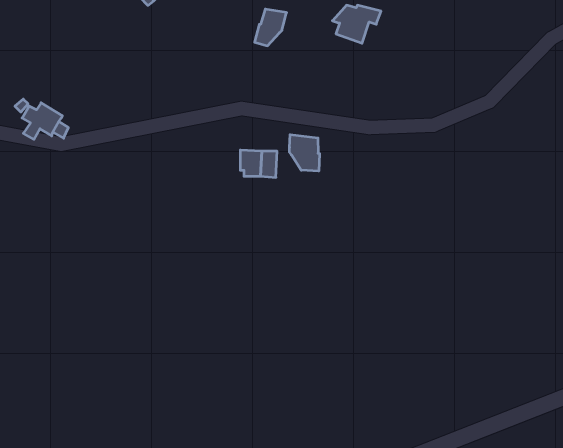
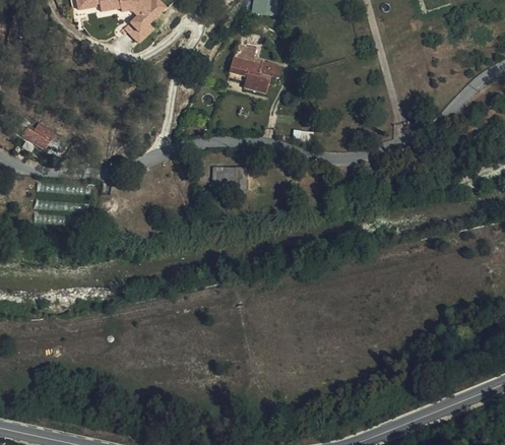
building: [332,5,381,43] -> [240,63,281,96]
building: [289,135,320,171] -> none

